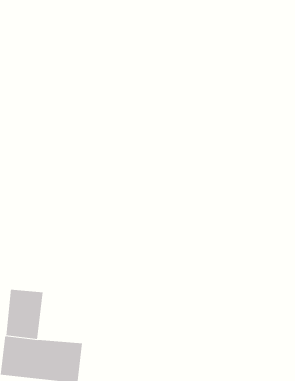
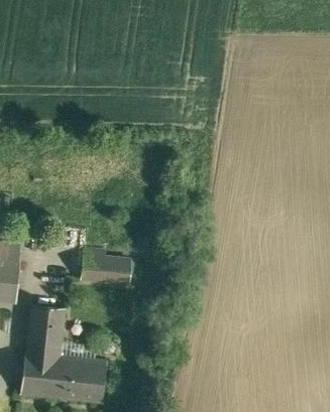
building: none -> [82,254,132,283]

